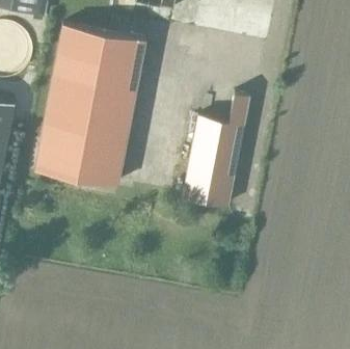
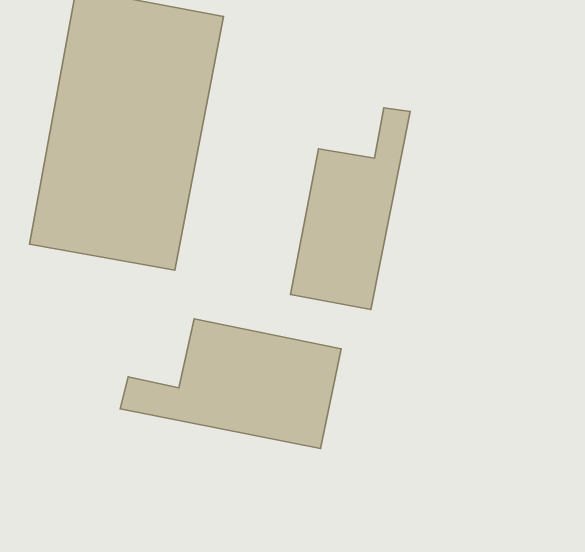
building: none -> [120,319,341,449]

